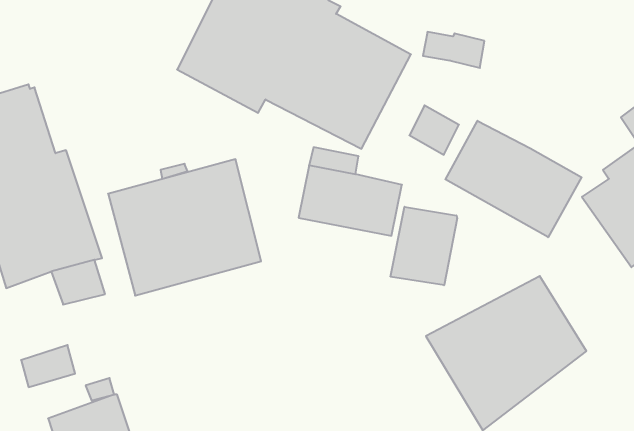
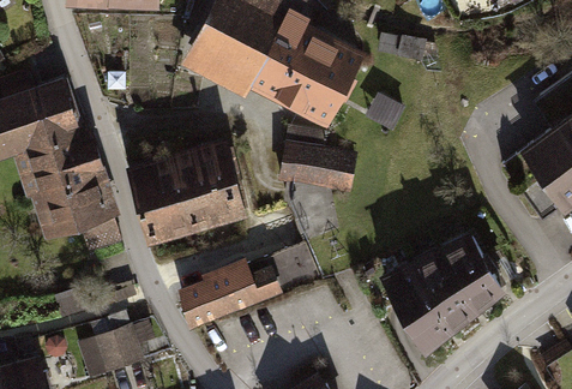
building: [445,121,582,237] -> none
building: [391,207,457,285] -> none
building: none -> [176,246,320,331]

